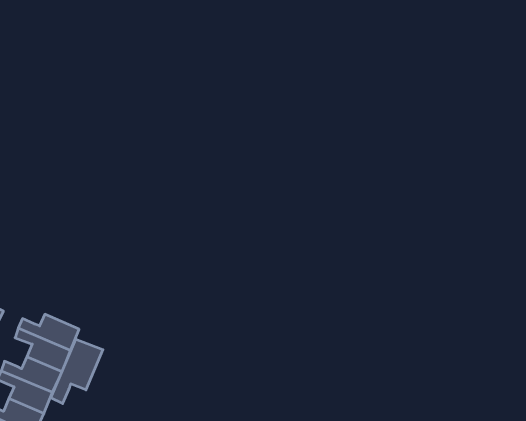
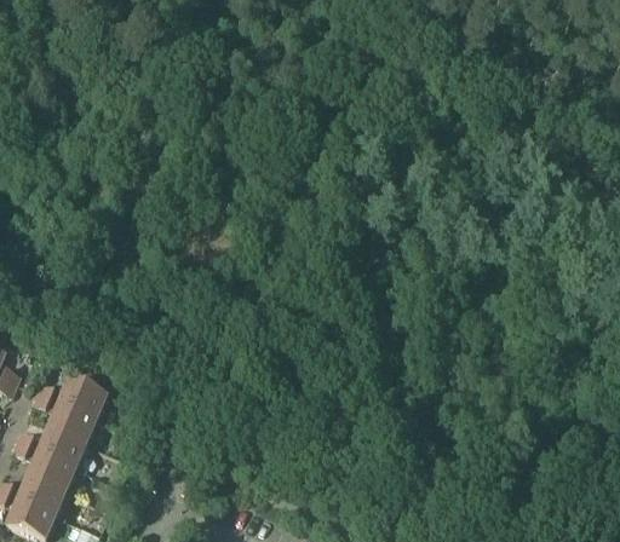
building: [51,339,103,404] -> none

